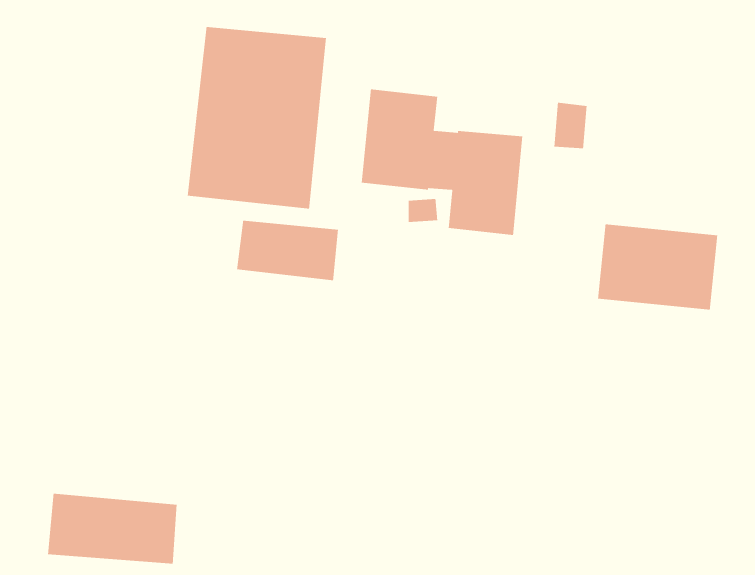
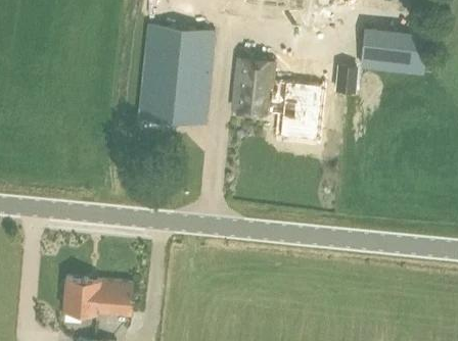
building: [236,220,339,281] -> none
building: [597,224,718,310] -> [361,29,426,76]

